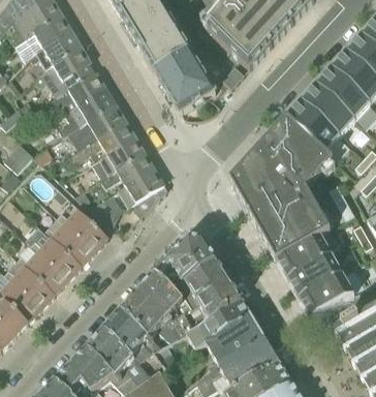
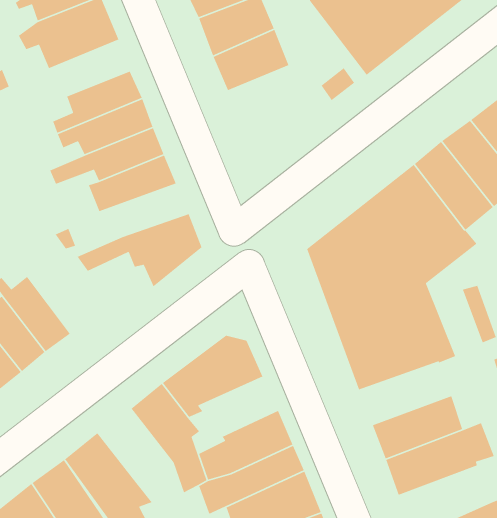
building: [166,68,215,112] -> none
building: [48,69,105,110] -> none
building: [99,151,155,188] -> none
building: [57,209,108,252] -> none
building: [275,234,332,278] -> none
building: [175,259,228,312] -> none
building: [121,292,179,342] -> none

